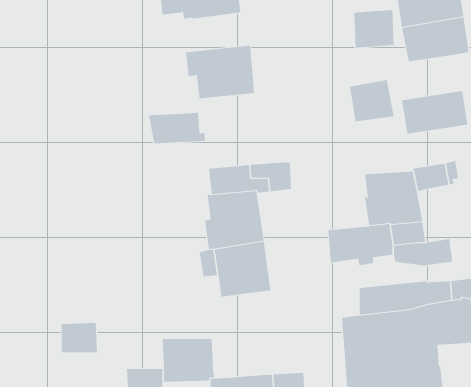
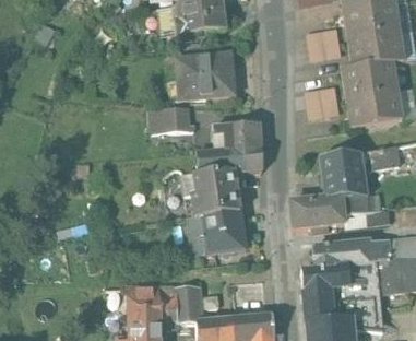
building: none -> [344,60,399,96]
building: none -> [206,121,261,149]
building: [61,323,98,353] -> [130,286,159,310]

